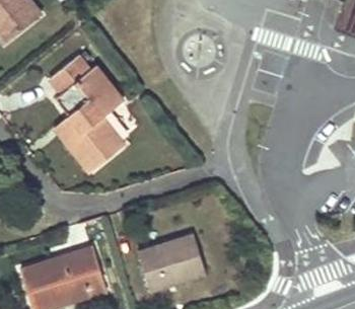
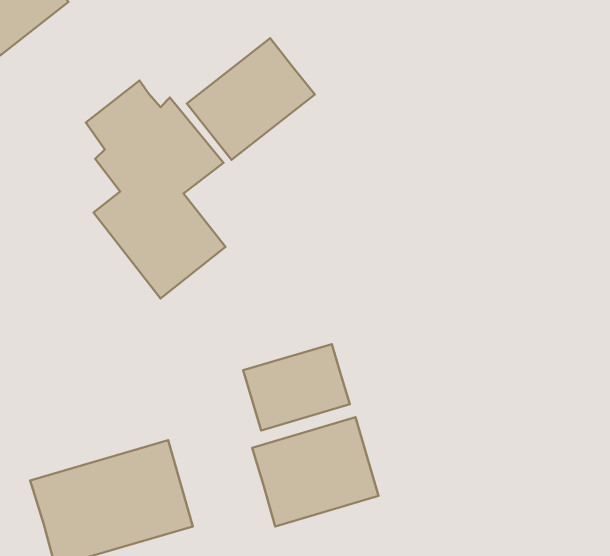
building: none -> [187,38,315,160]
building: none -> [243,344,350,431]

